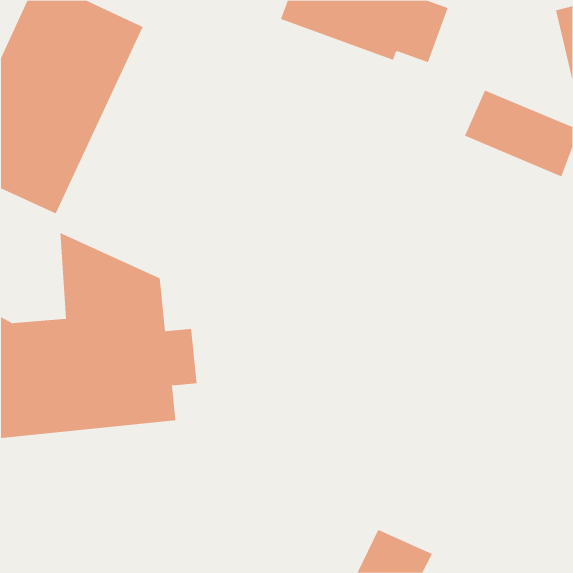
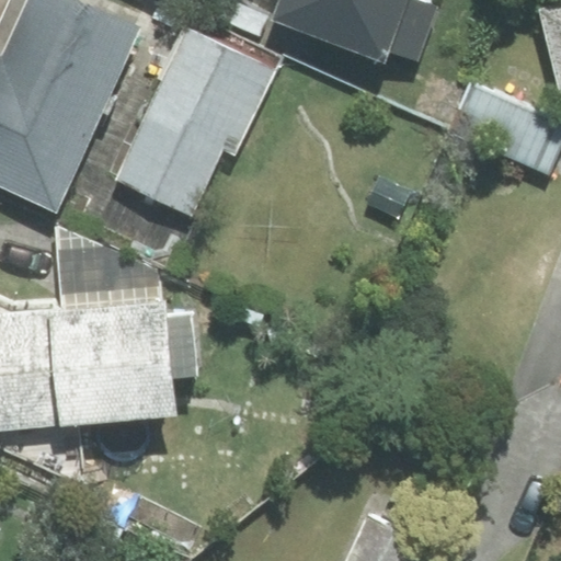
building: none -> [115,30,274,216]

